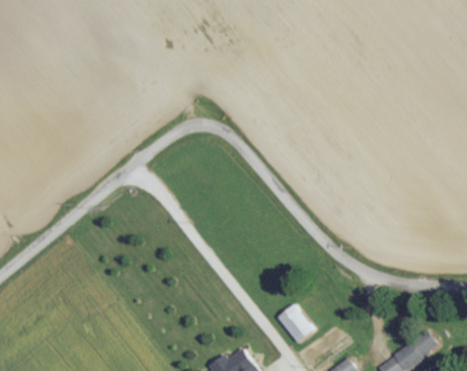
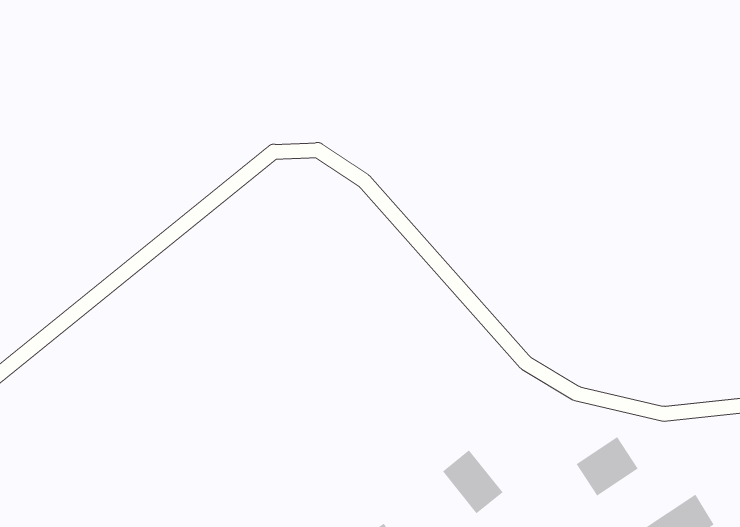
building: none -> [576,436,639,496]

